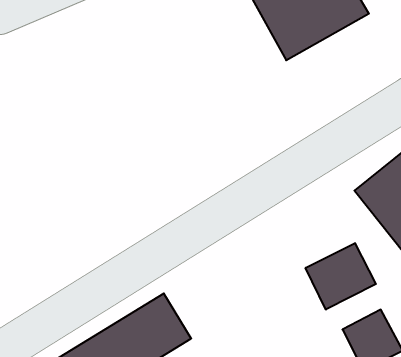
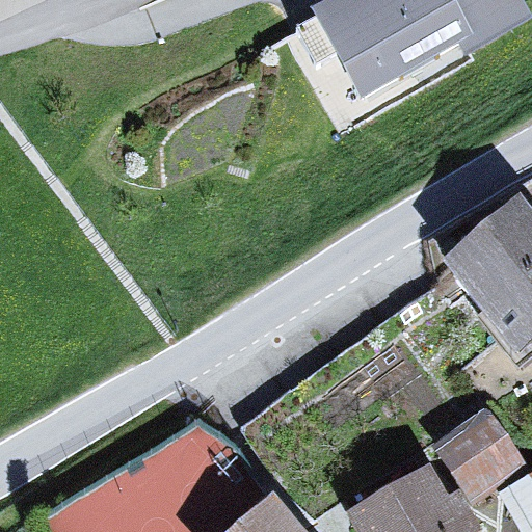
building: [306,243,376,310] -> none

